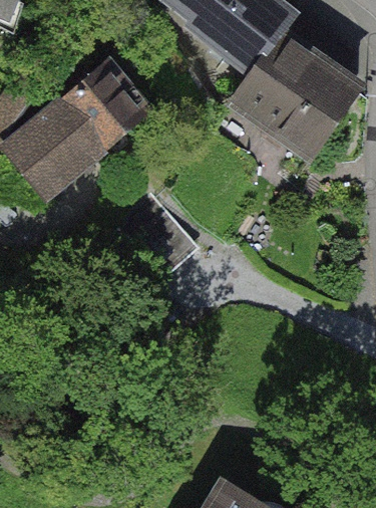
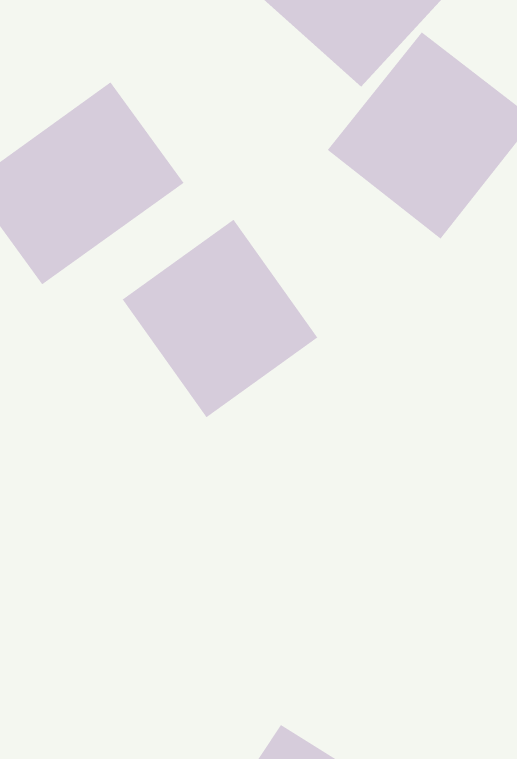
building: none -> [122,219,318,418]

